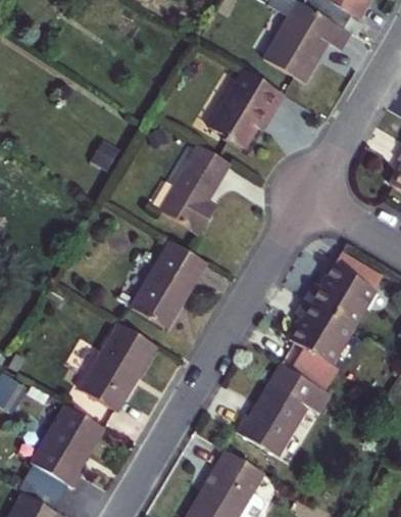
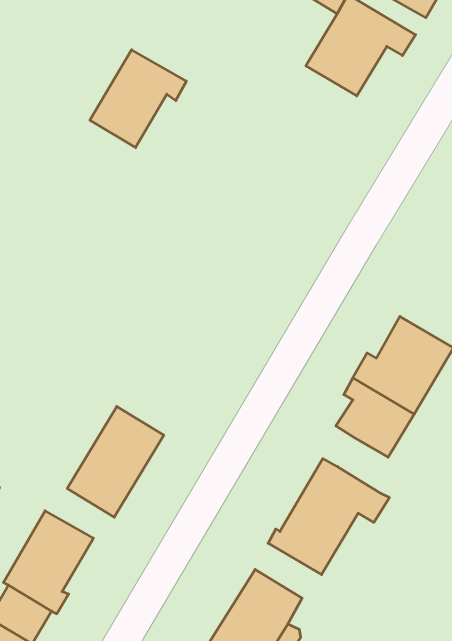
building: [209,72,285,148] -> [90,50,186,148]
building: [158,145,229,233] -> none
building: [133,243,207,329] -> none
building: [291,348,340,392] -> none

